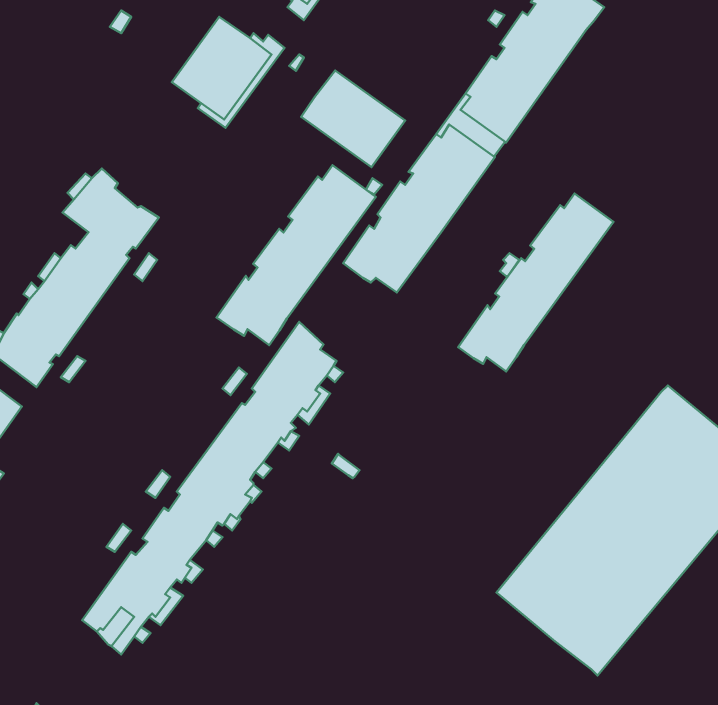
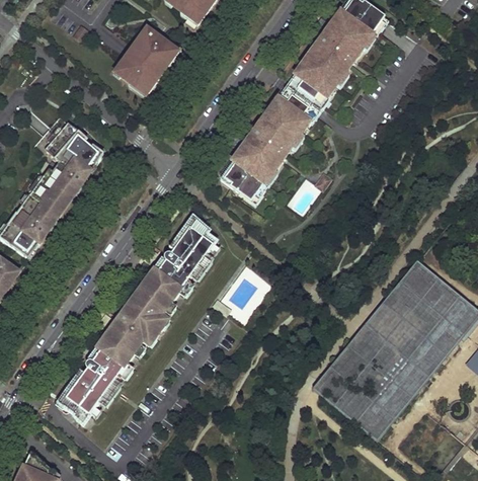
building: [301,70,405,167] -> none
building: [216,165,376,345] -> none
building: [458,193,614,371] -> none

